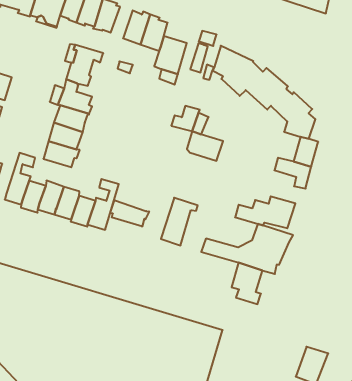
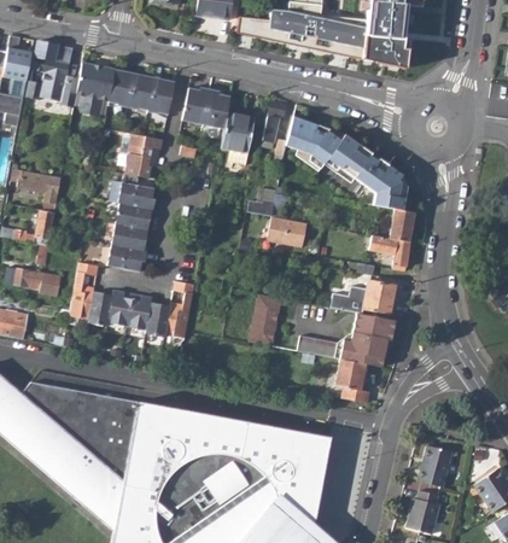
building: [110,200,149,227] -> none

